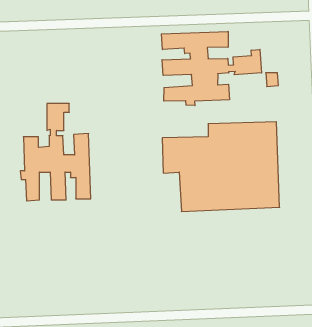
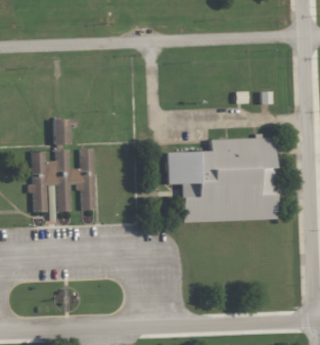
building: [161,31,262,106] -> none

